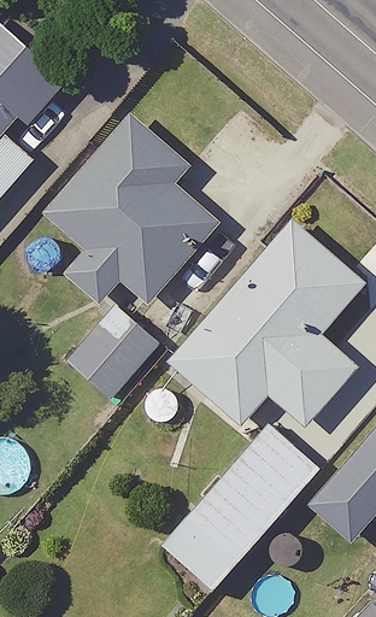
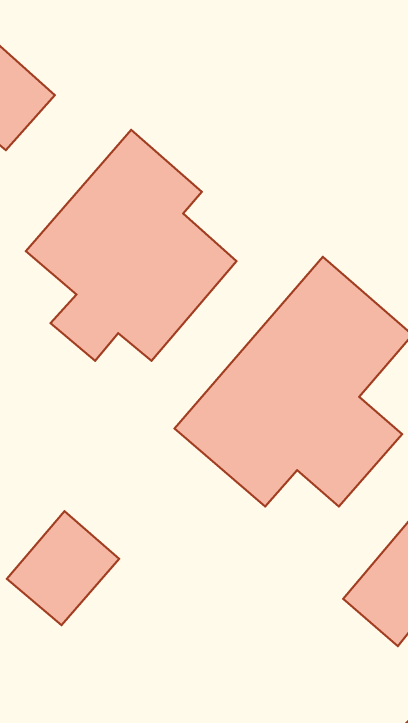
building: [64,302,158,398] -> [7,511,119,625]
building: [160,423,321,592] -> none

